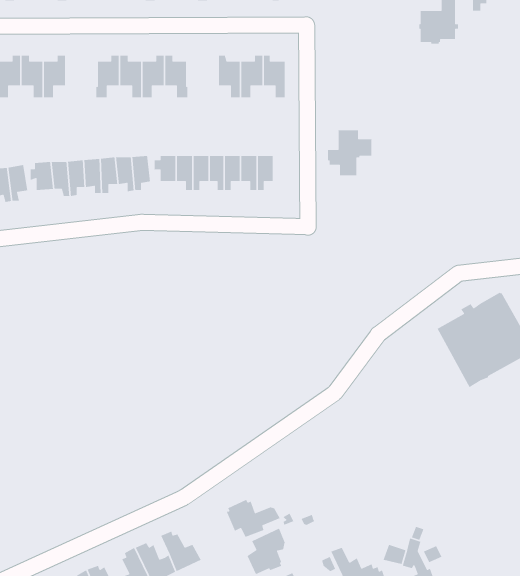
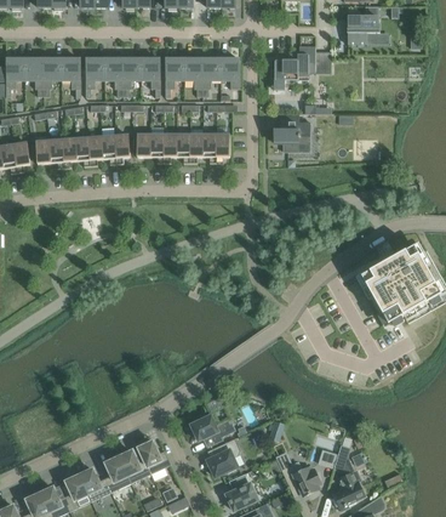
building: none -> [274,45,315,89]
building: none -> [61,52,80,87]
building: none -> [165,52,184,87]

